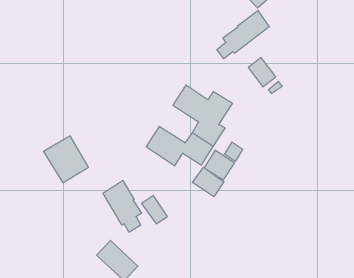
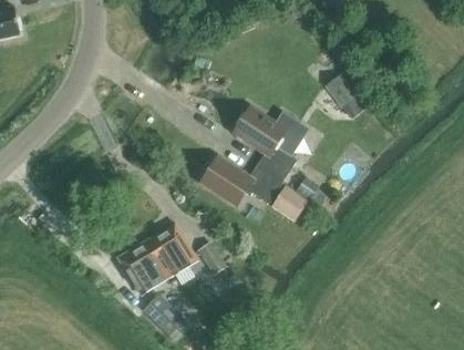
building: [217,10,269,59] -> none
building: [43,136,88,183] -> [116,238,171,295]
building: [192,167,224,197] -> none

